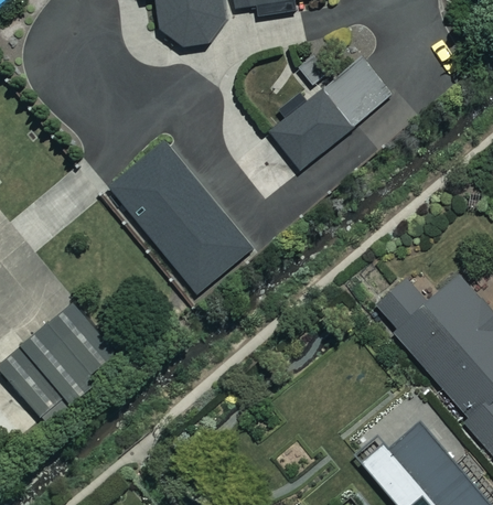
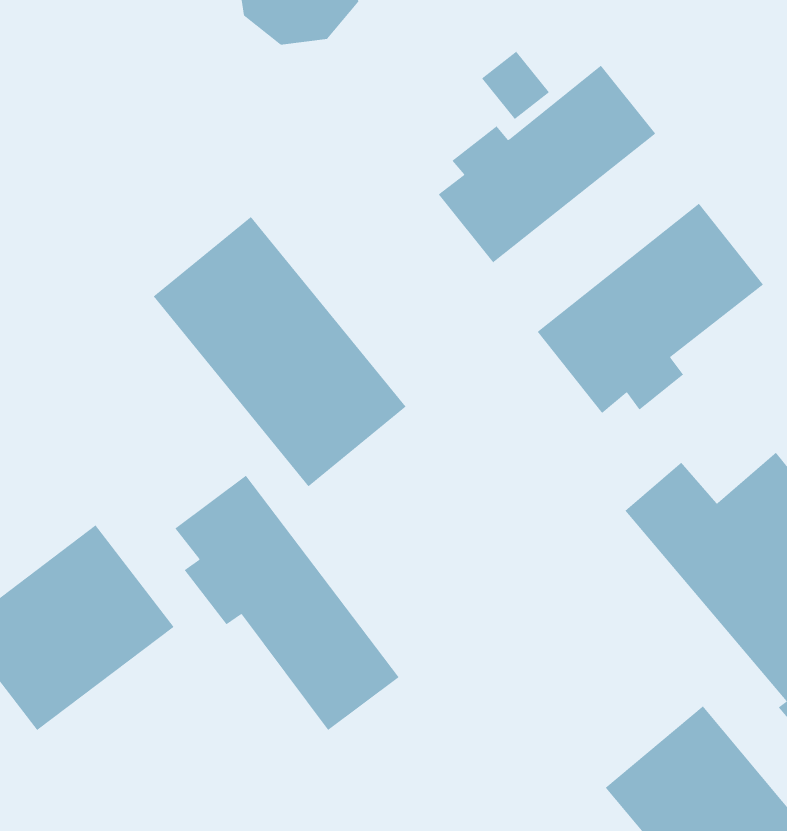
building: none -> [537,203,764,414]
building: none -> [175,475,399,731]

